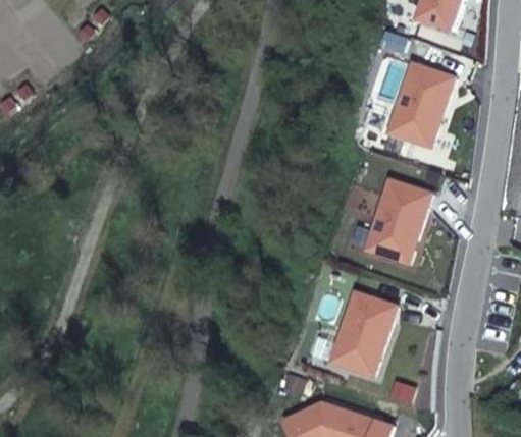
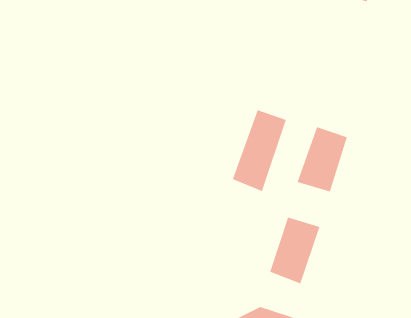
building: [388,62,453,146] -> none
building: none -> [232,109,287,192]

